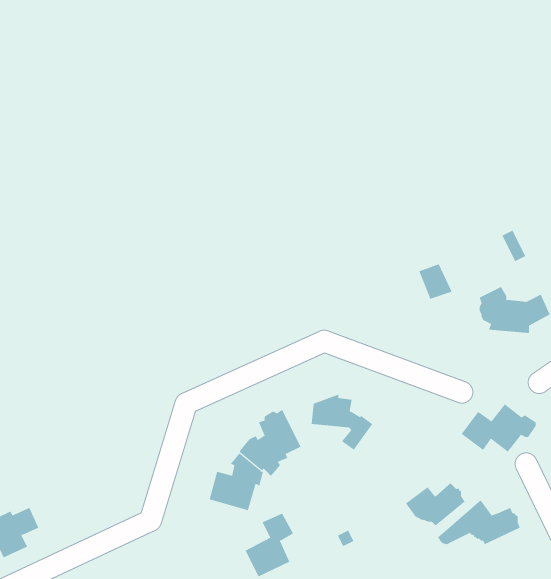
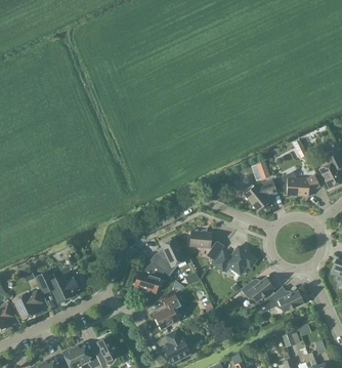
building: none -> [244,180,276,210]
building: [461,404,536,453] -> [214,248,255,275]
building: none -> [37,272,79,301]

